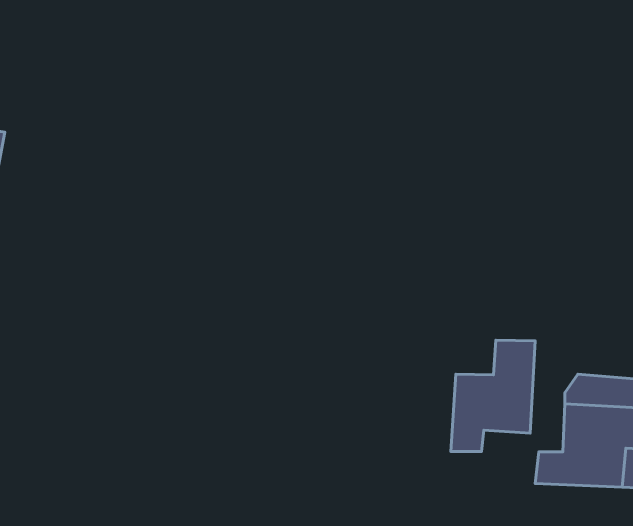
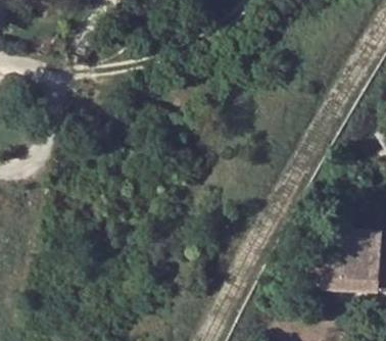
building: [451,340,535,452] -> none

